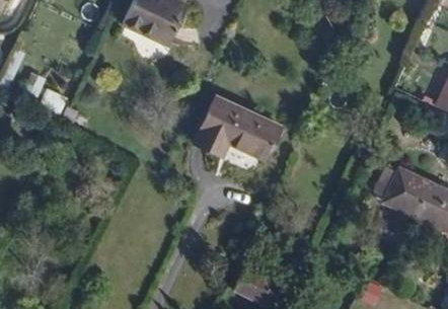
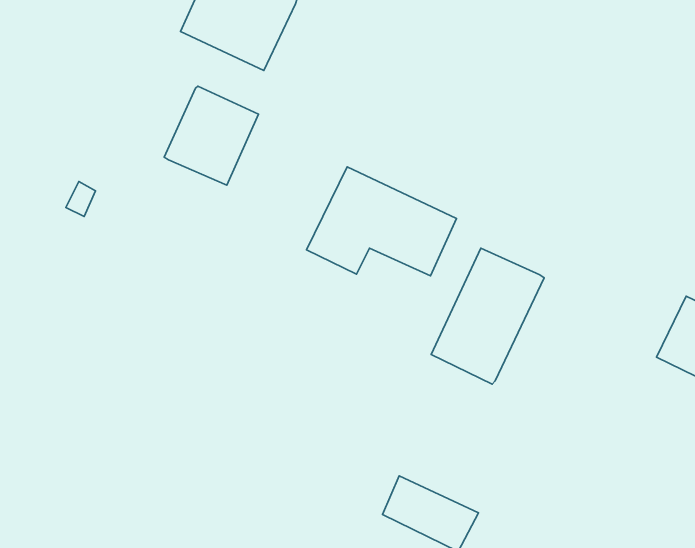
building: none -> [164,86,258,185]
building: none -> [431,248,544,384]

